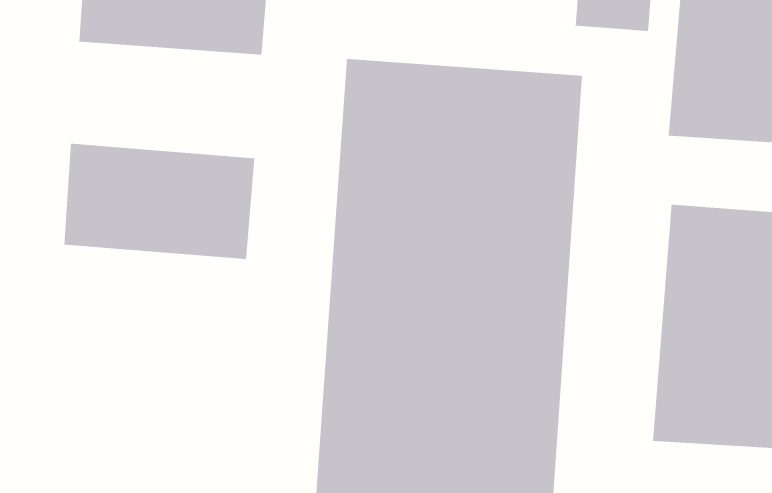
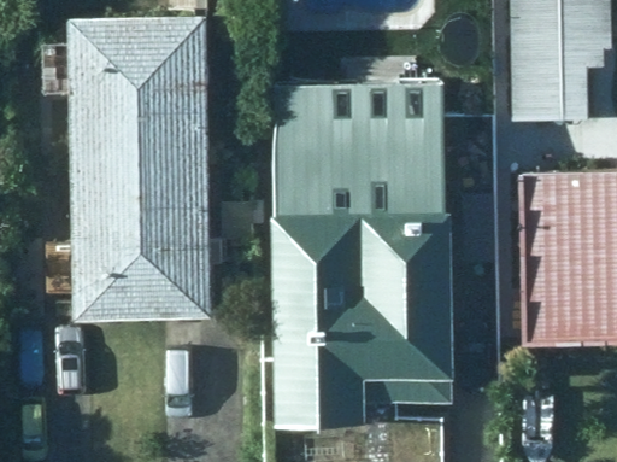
building: none -> [67,89,207,169]
building: none -> [71,242,210,321]

